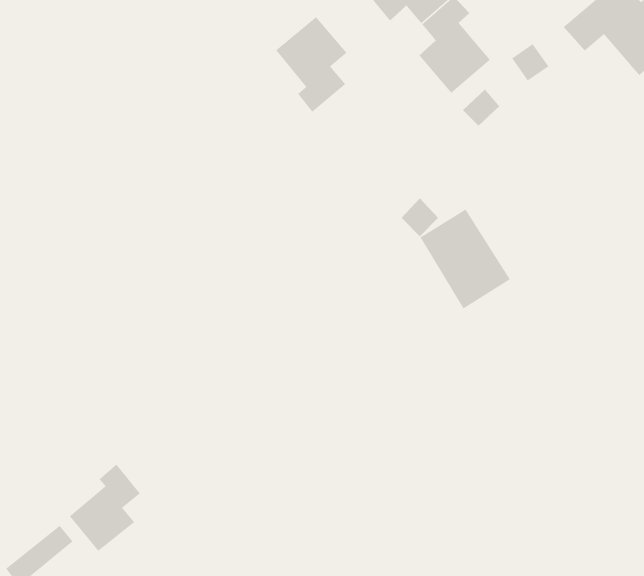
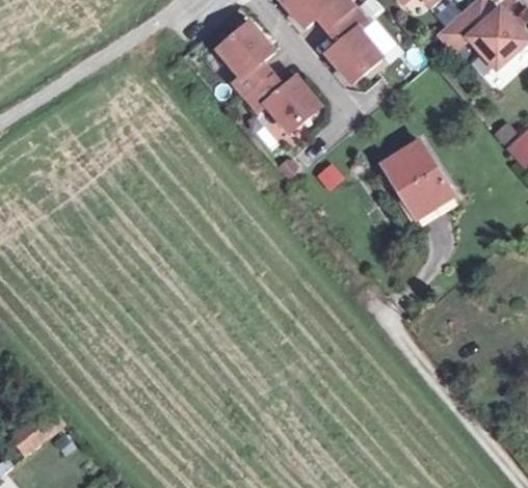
building: none -> [245,75,319,132]
building: [420,209,511,310] -> [380,139,450,216]
building: [69,464,141,552] -> none

